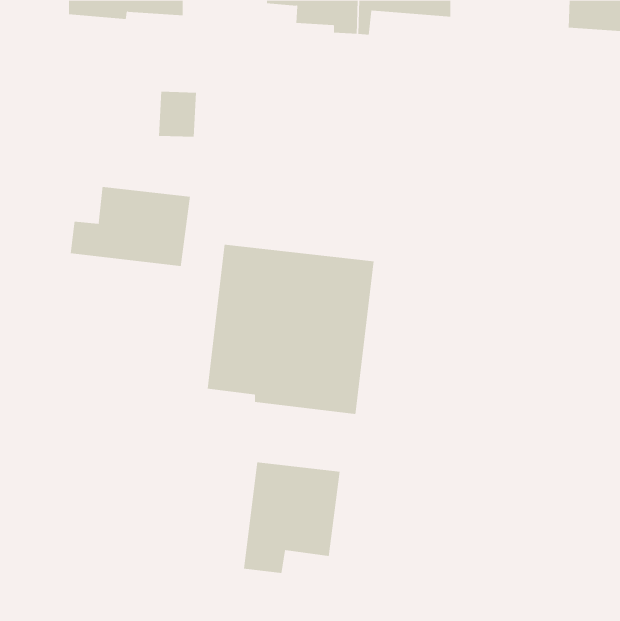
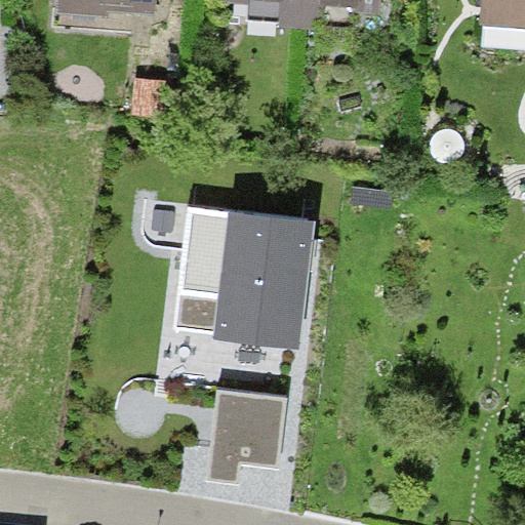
building: [70,186,190,267] -> none

